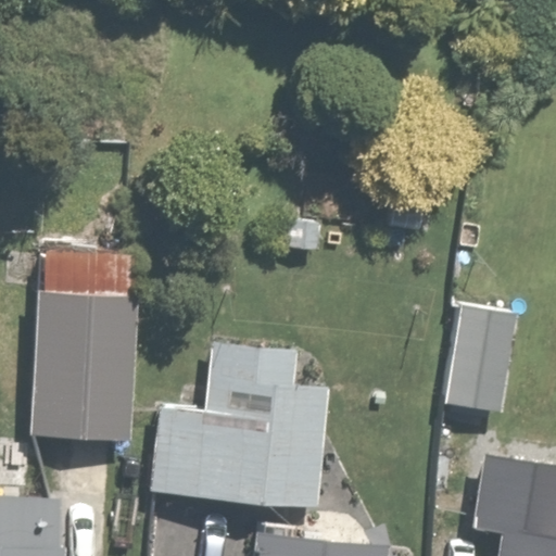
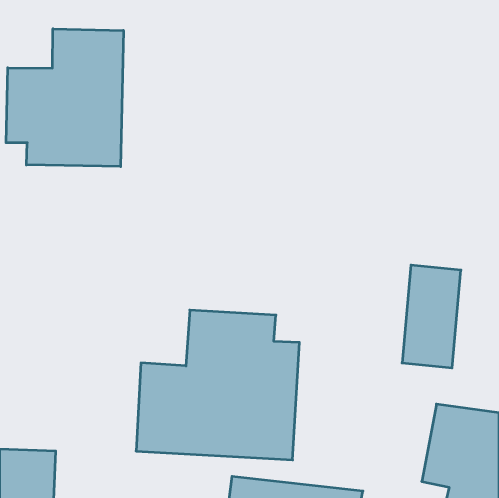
building: none -> [6,29,123,167]
building: [33,242,139,442] -> none

